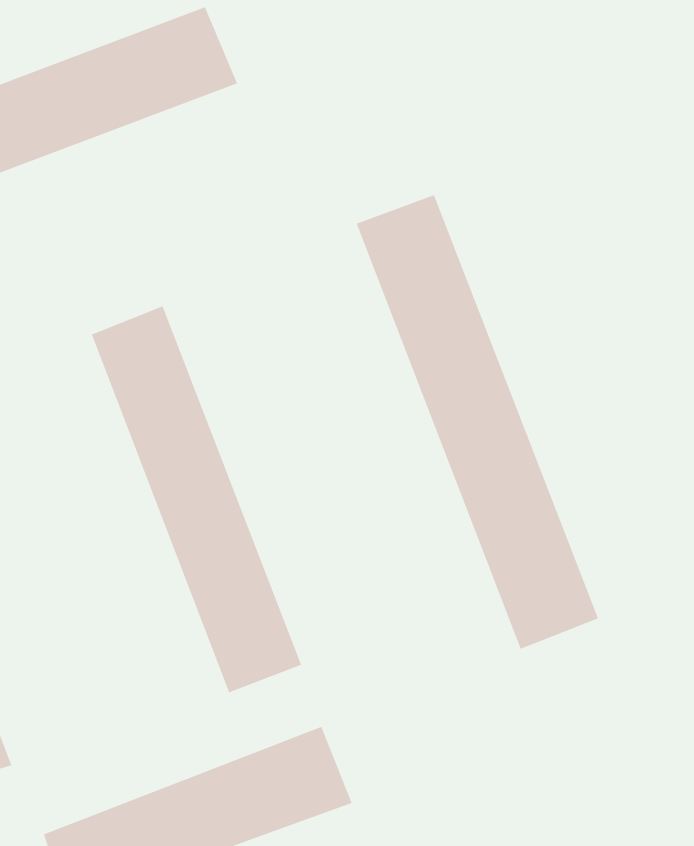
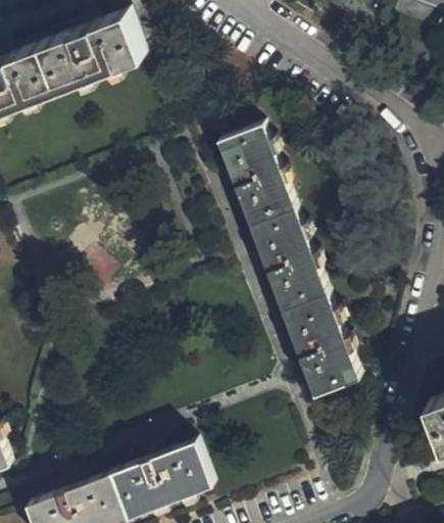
building: [91,305,302,693] -> none

